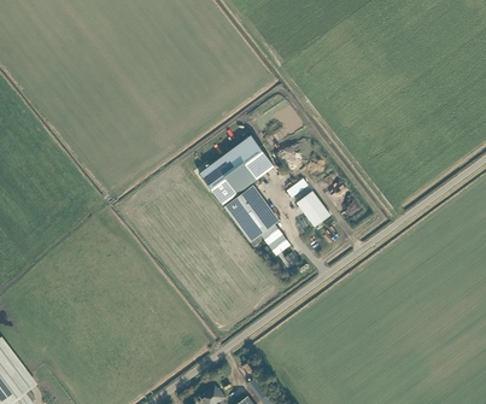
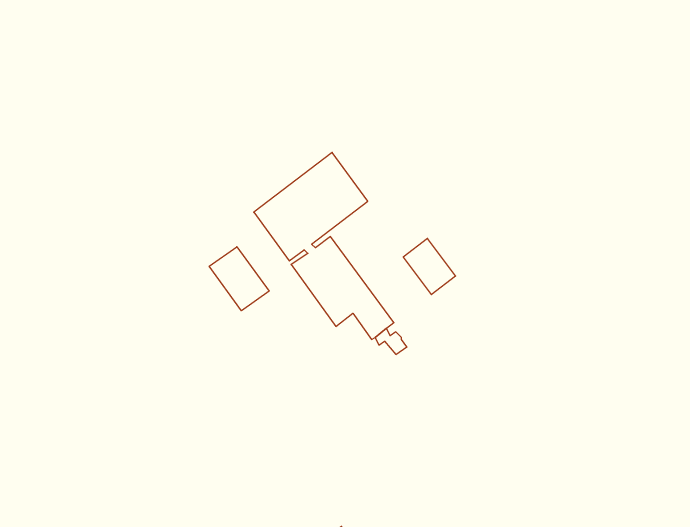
building: none -> [209,247,269,311]

